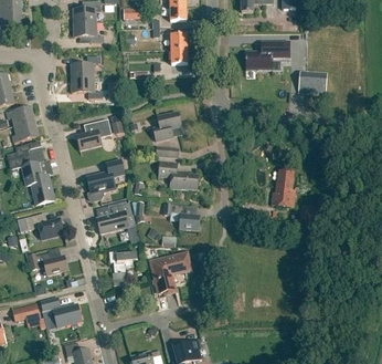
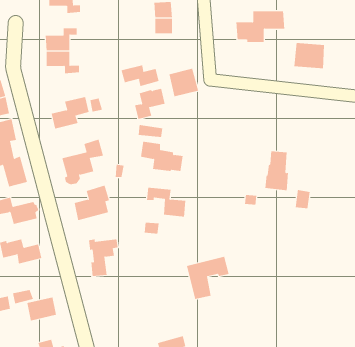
building: none -> [121,65,159,87]
building: none -> [169,68,199,97]
building: [151,253,191,293] -> [186,256,230,300]

